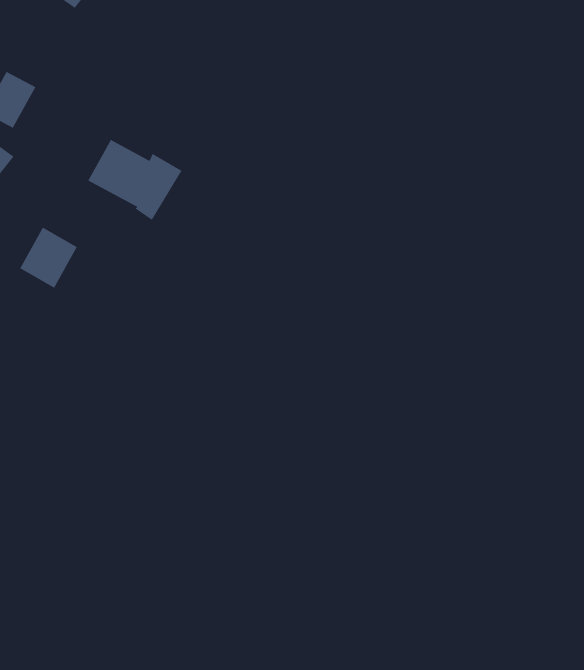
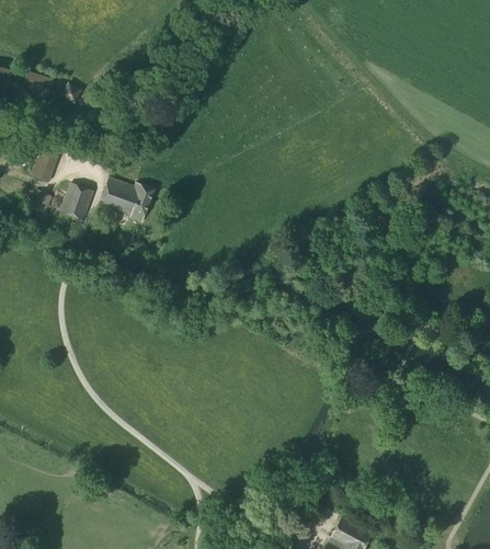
building: [19,227,78,289] -> [61,183,94,219]

